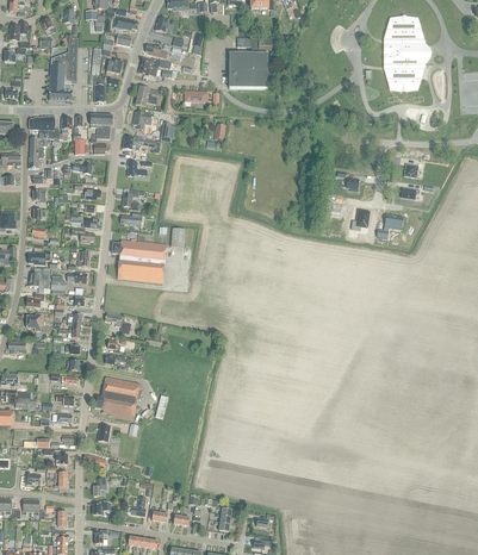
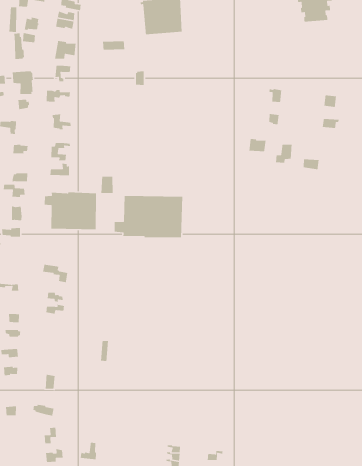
building: none -> [114,195,183,238]
building: [94,376,139,419] -> none

